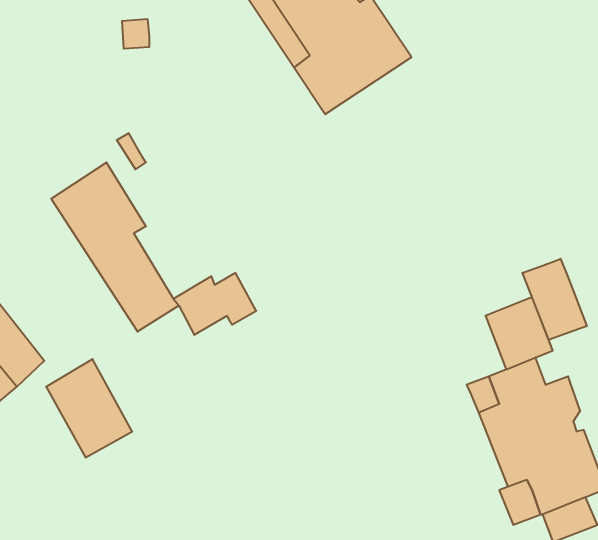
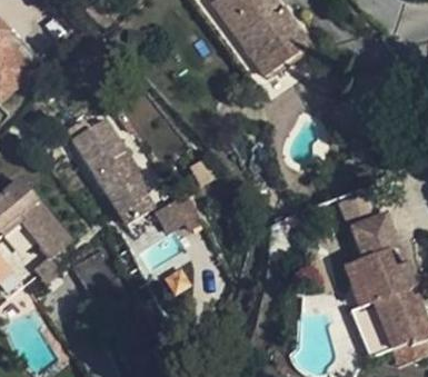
building: [522,259,587,340] -> none

